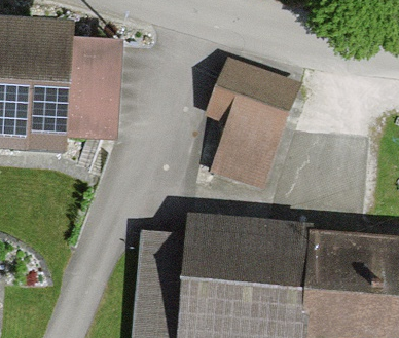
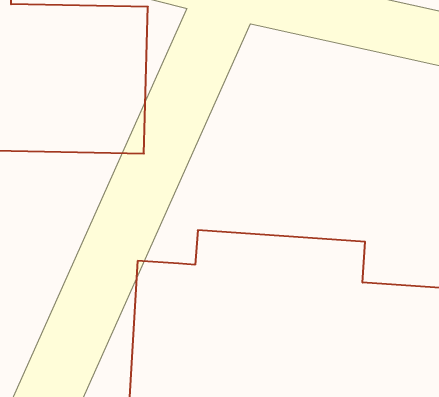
building: [208,48,300,176] -> none

